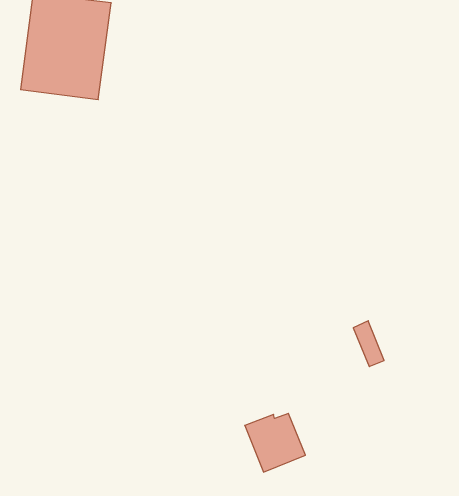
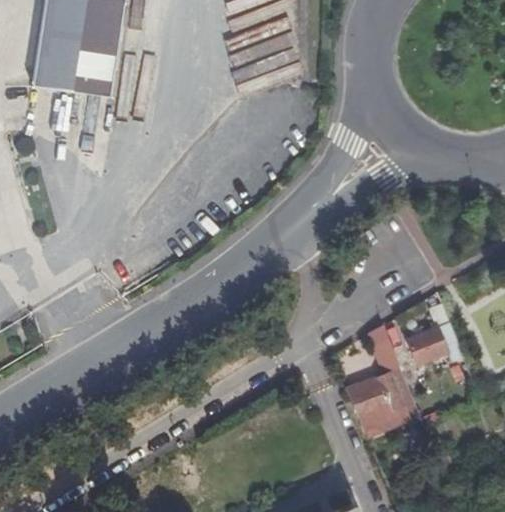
building: none -> [407,319,463,361]
building: [245,413,305,472] -> [347,372,408,431]

